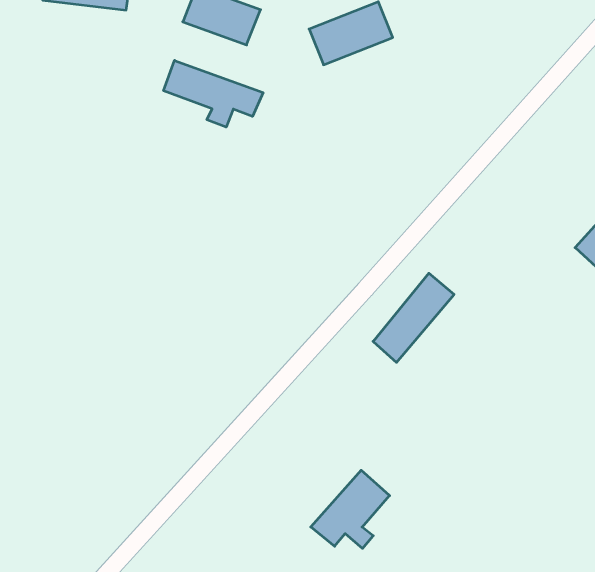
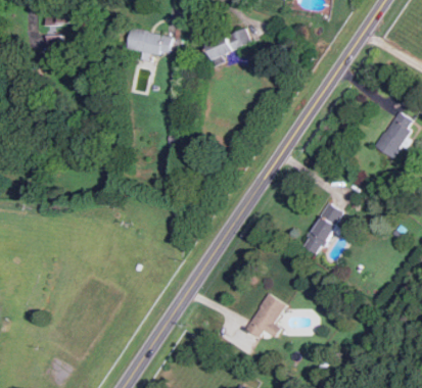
building: [164,60,263,127] -> none
building: [373,273,454,362] -> [300,204,343,258]

